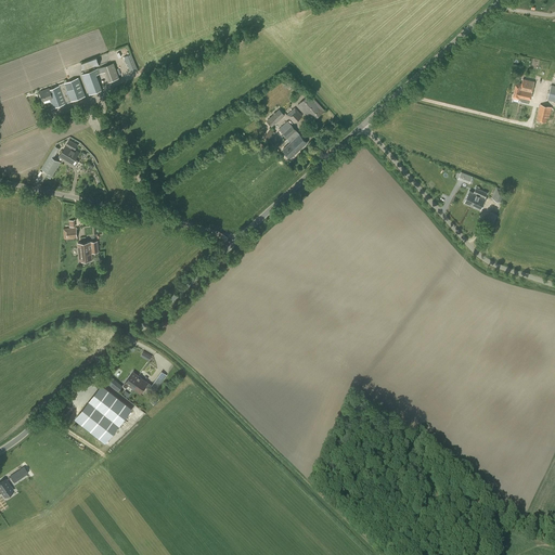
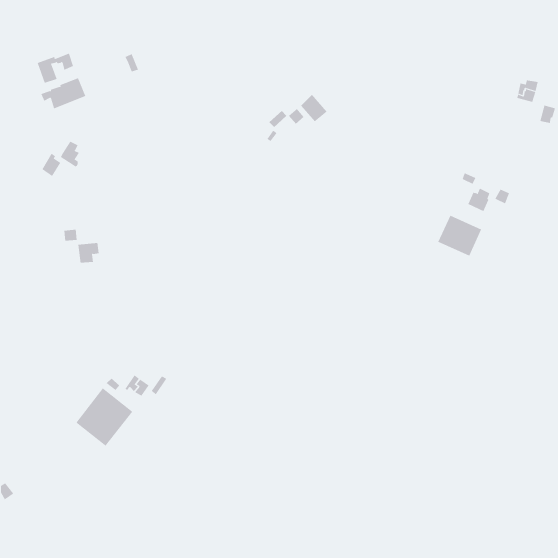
building: [81,64,118,94] -> [37,53,74,84]
building: [279,120,308,157] -> none
building: none -> [438,215,482,257]

